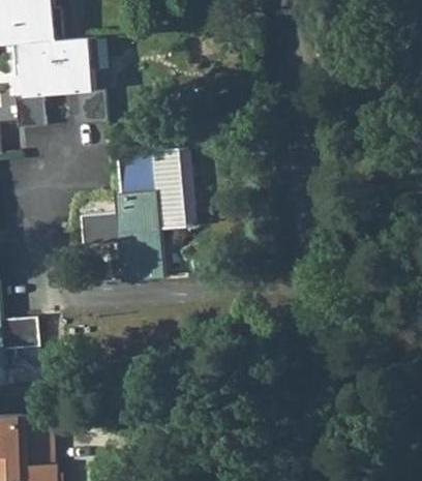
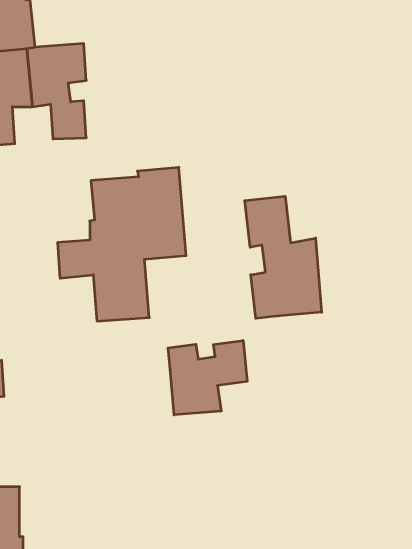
building: none -> [245,196,322,318]
building: none -> [168,340,247,415]

